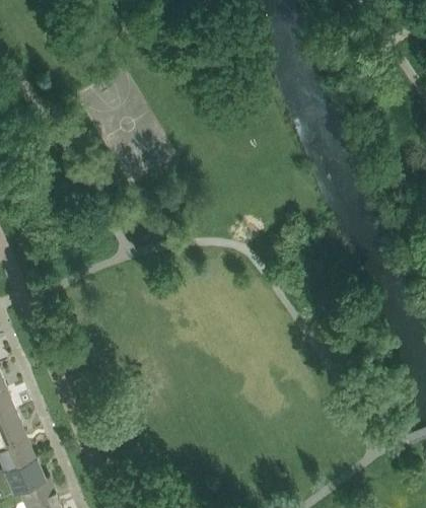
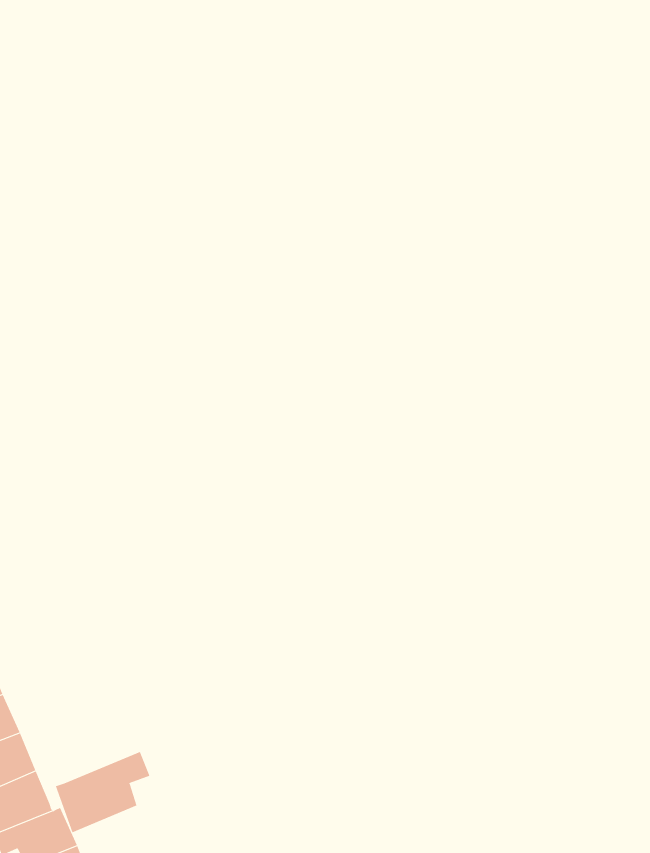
building: none -> [55,751,150,833]

